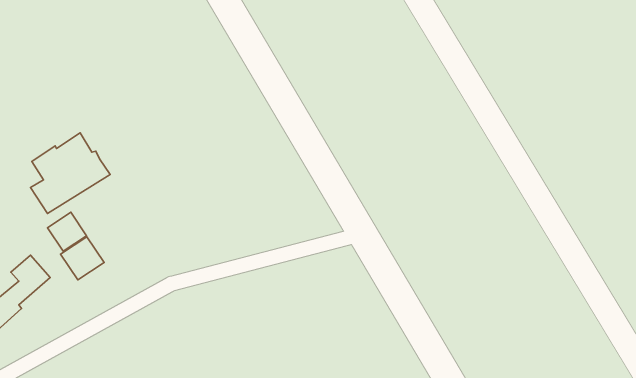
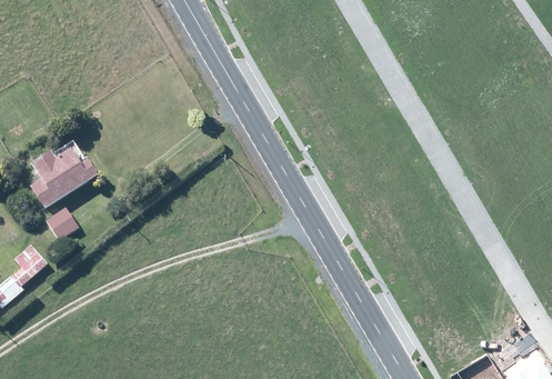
building: [61,237,104,280] -> none

